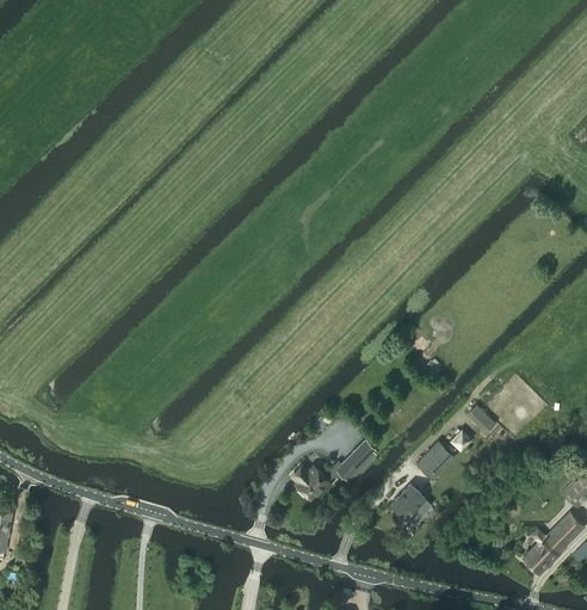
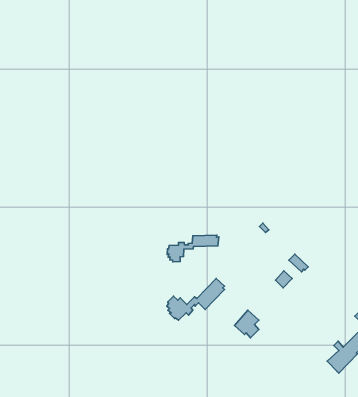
building: none -> [167,235,219,262]
building: [415,442,453,480] -> none

